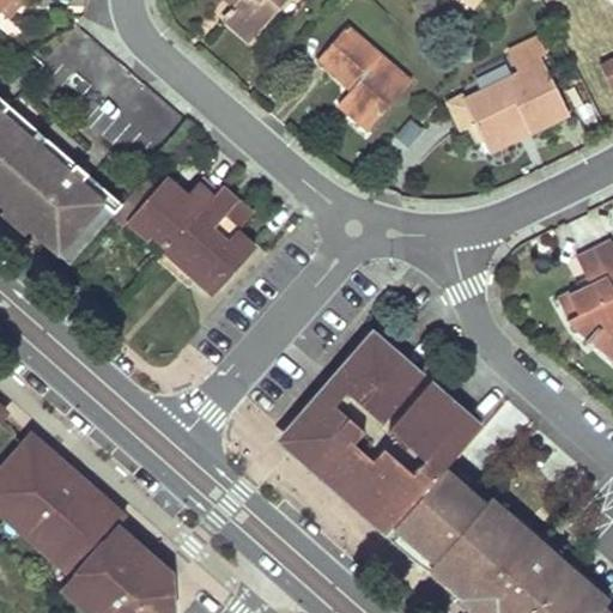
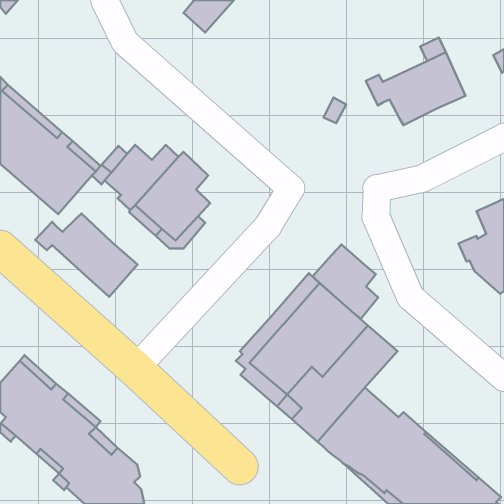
building: [317,26,408,131] -> none
building: none -> [35,214,137,297]
building: none -> [312,245,378,319]

